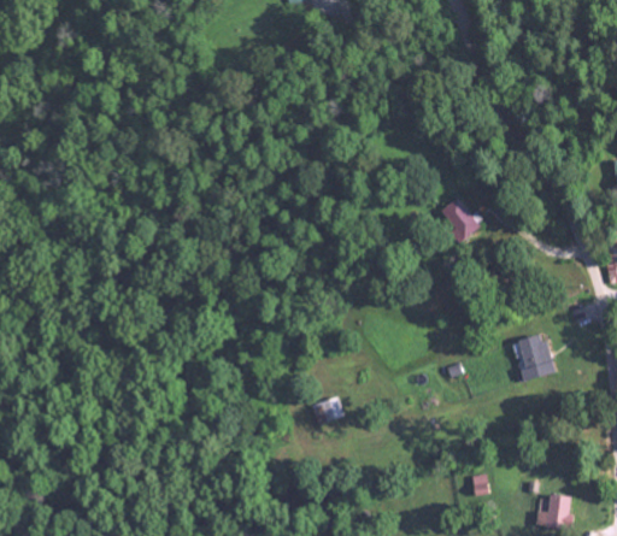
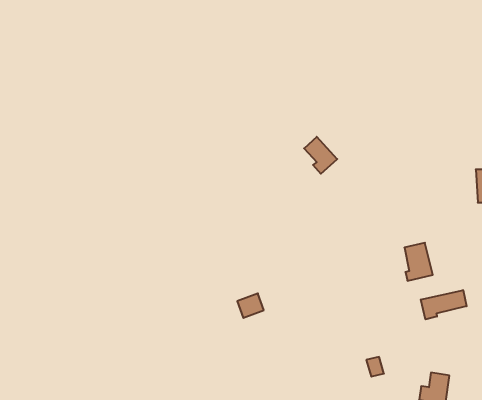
building: [440,196,481,242] -> [304,137,337,174]
building: none -> [421,290,467,319]

